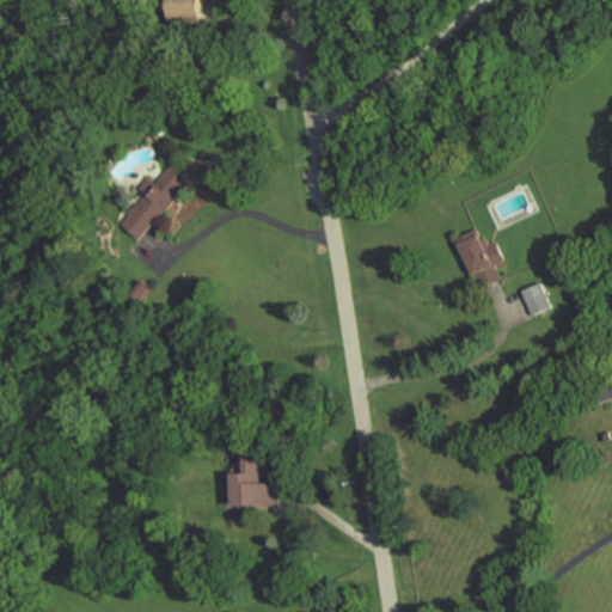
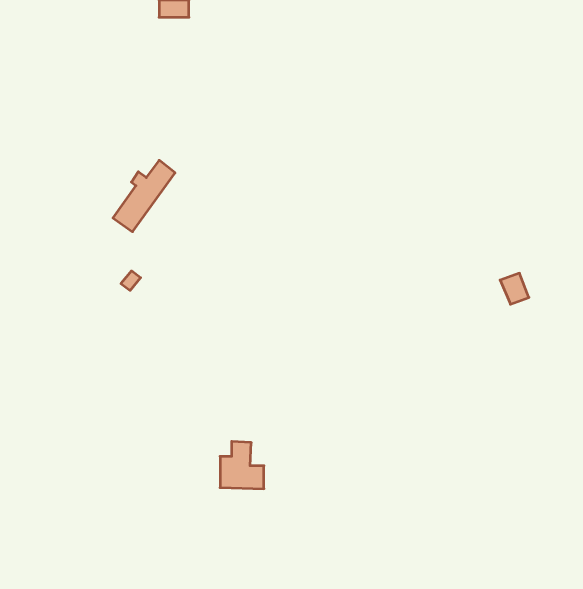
building: [454,228,502,289] -> none

